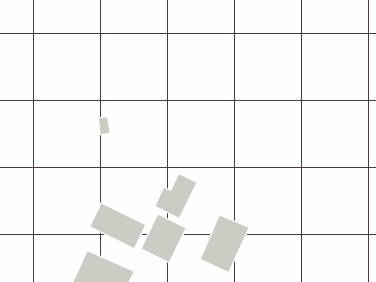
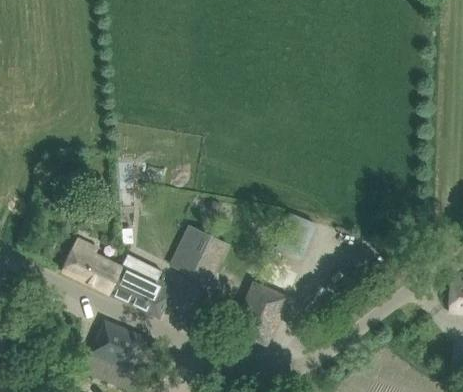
building: none -> [60,241,117,291]
building: [141,214,186,263] -> none

